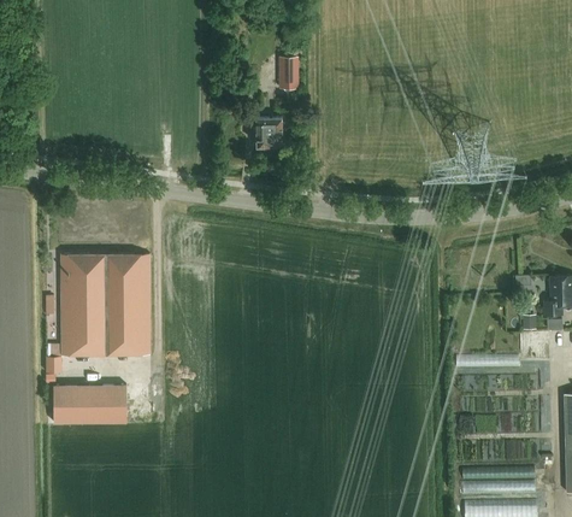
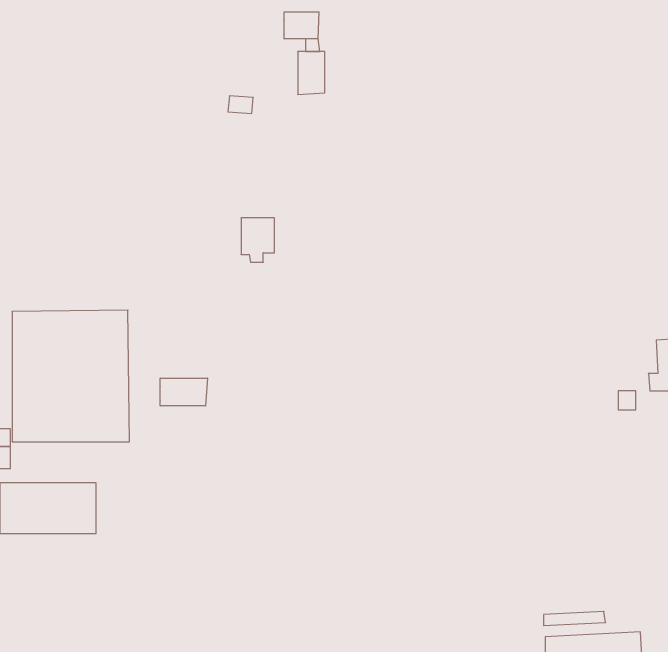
building: none -> [284,12,319,39]
building: [256,119,282,153] -> [241,218,274,262]
building: none -> [160,378,207,406]

